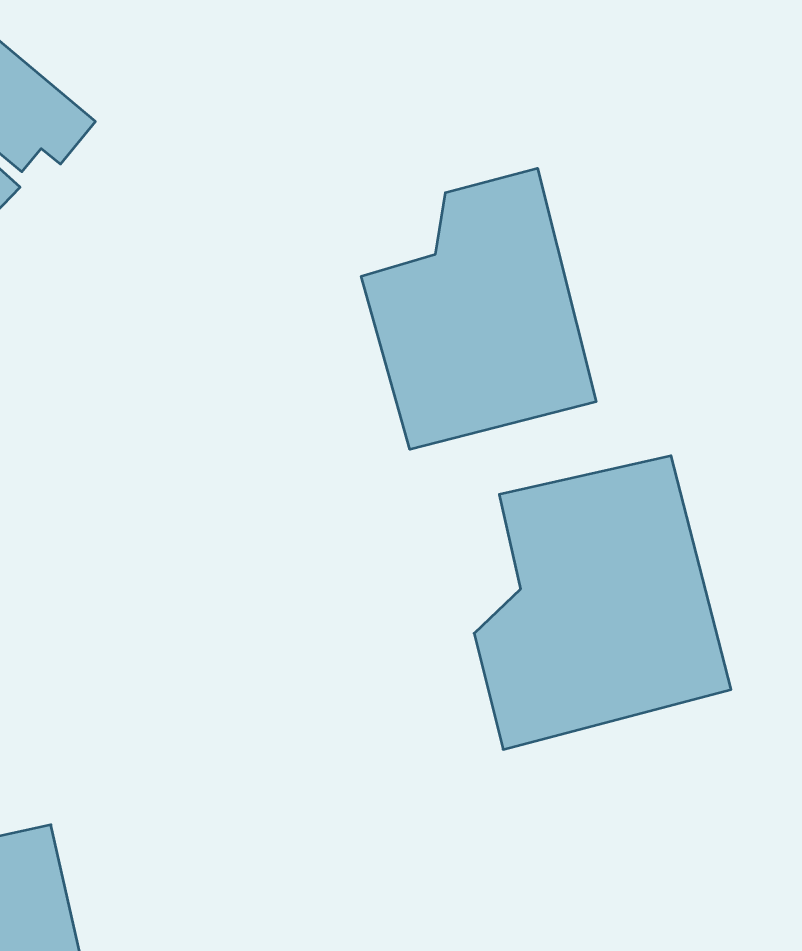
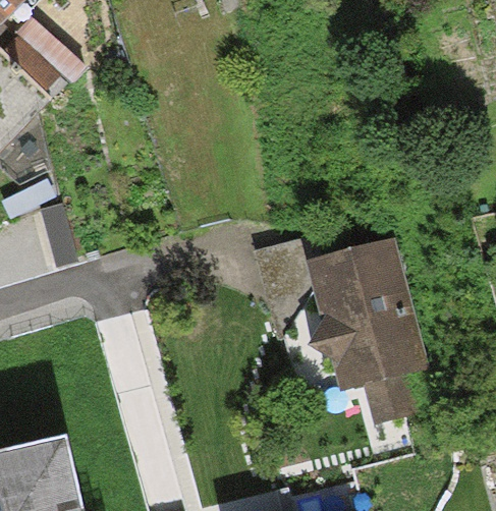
building: [361,168,596,449] -> none

